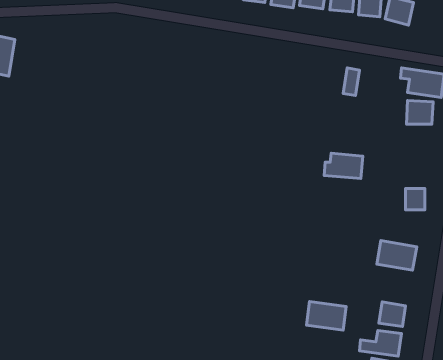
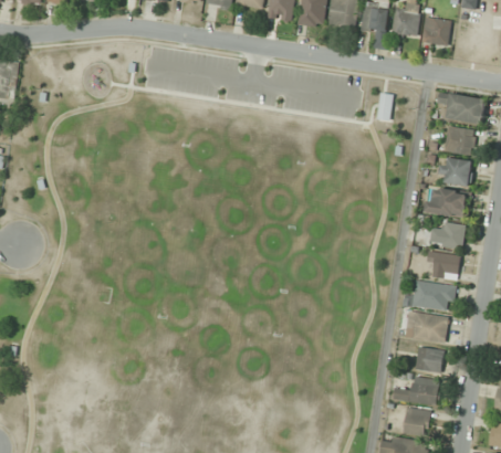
building: none -> [441,159,472,185]
building: [324,153,363,179] -> [426,189,468,217]
building: none -> [427,251,460,280]
building: [307,302,346,330] -> [405,312,448,343]

